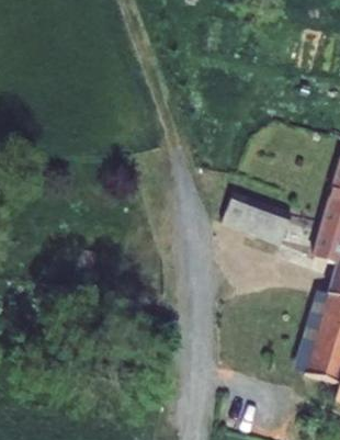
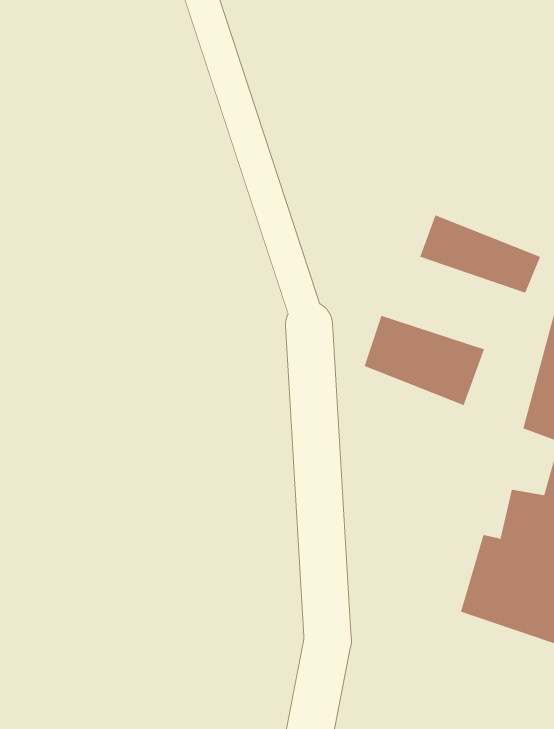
building: none -> [420,215,541,294]

